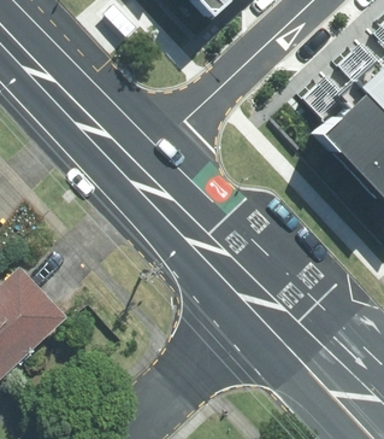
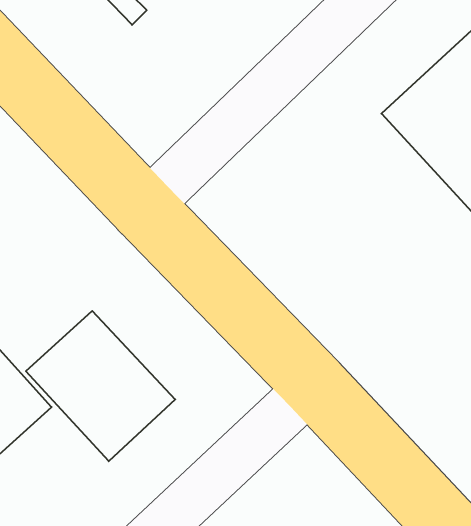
building: none -> [26,311,175,461]

